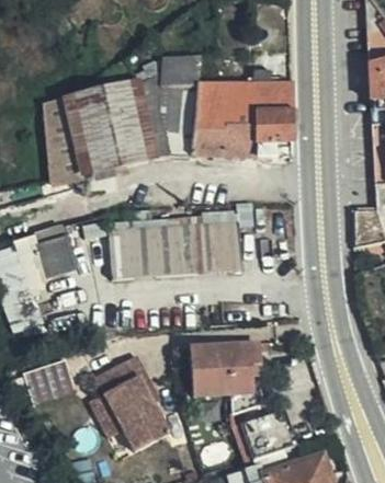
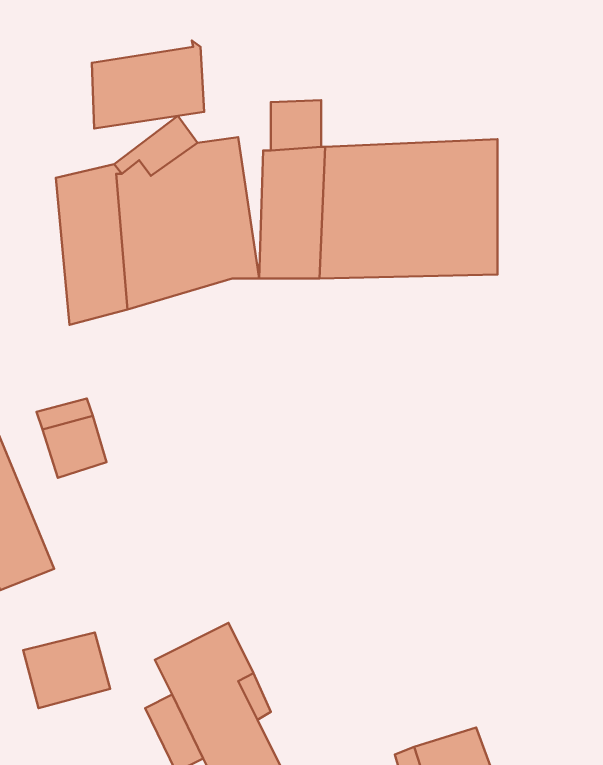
building: none -> [92,40,204,128]
building: [106,221,241,278] -> none
building: [192,338,261,400] -> none

